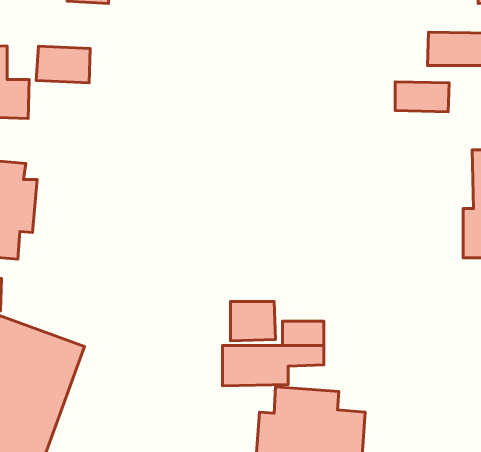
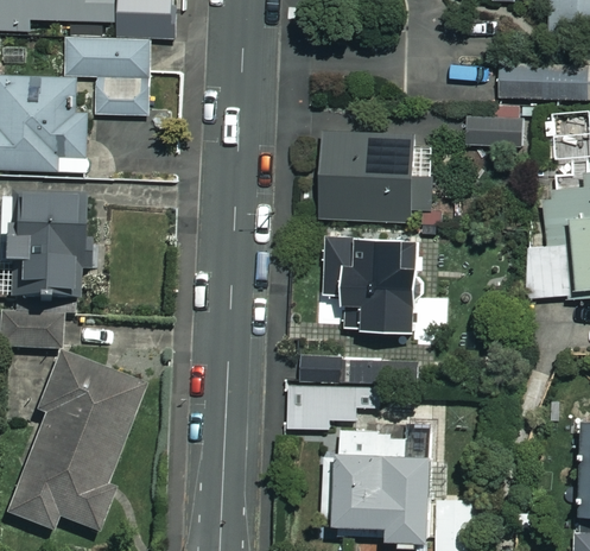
building: none -> [65,36,152,76]
building: none -> [321,132,415,220]
building: none -> [323,234,418,331]

